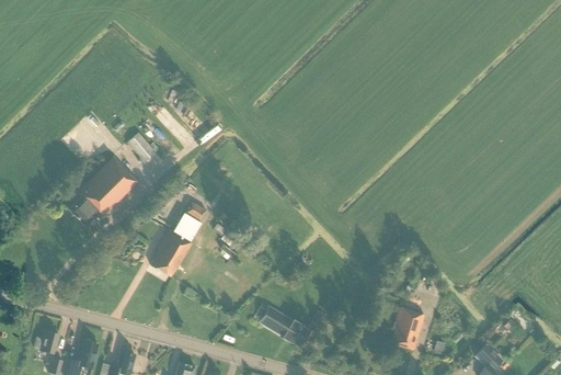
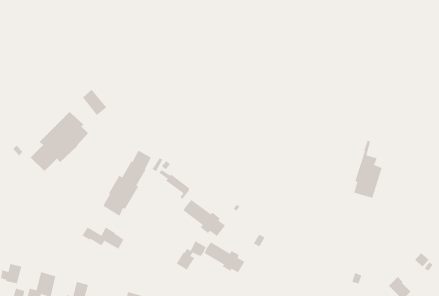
building: none -> [183,199,226,237]
building: [391,283,424,350] -> [353,140,382,199]
building: none -> [82,226,124,250]

